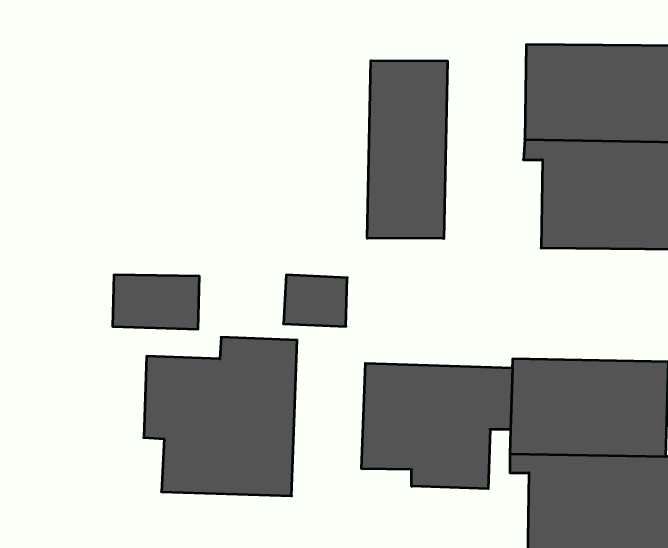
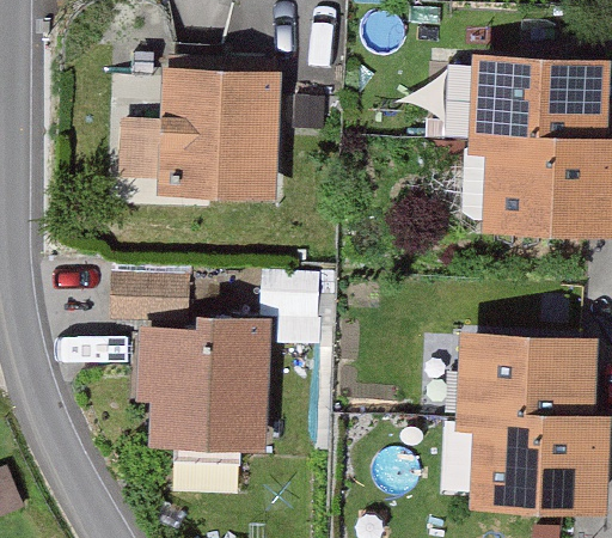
building: none -> [117,67,277,195]
building: [367,61,447,239] -> none
building: [362,363,512,489] -> none

